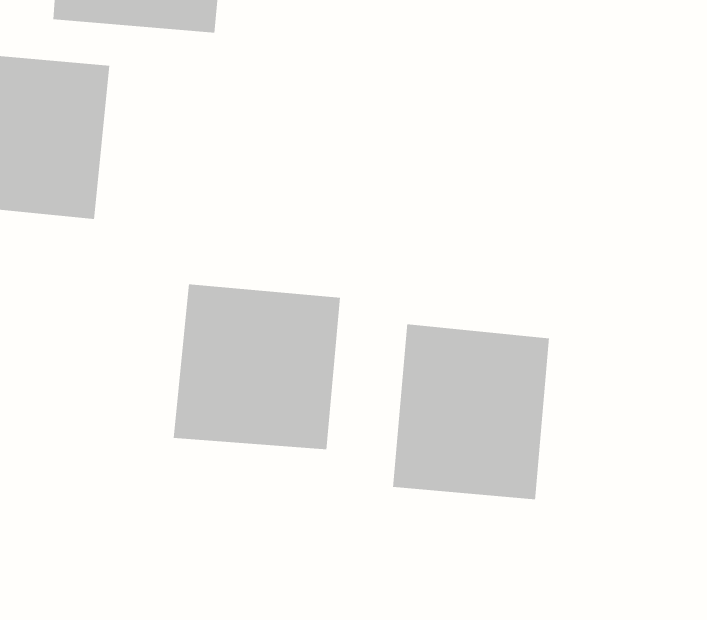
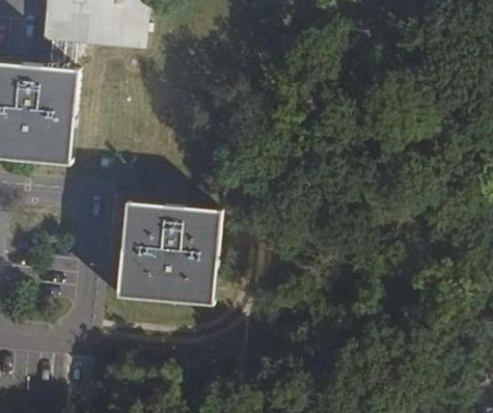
building: [392,323,550,500] -> none

